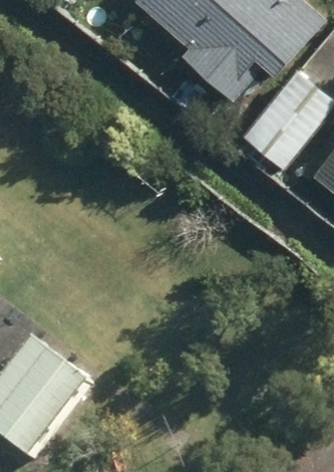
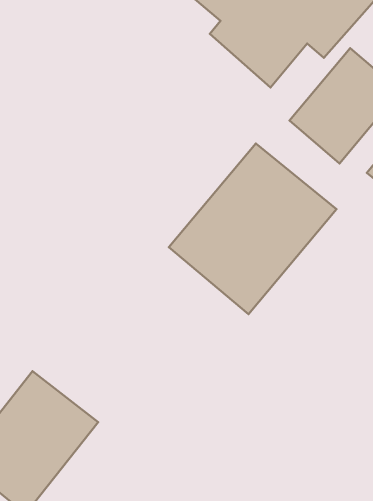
building: none -> [169,143,337,314]

